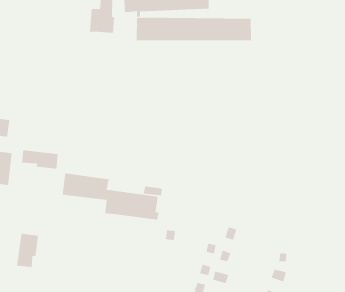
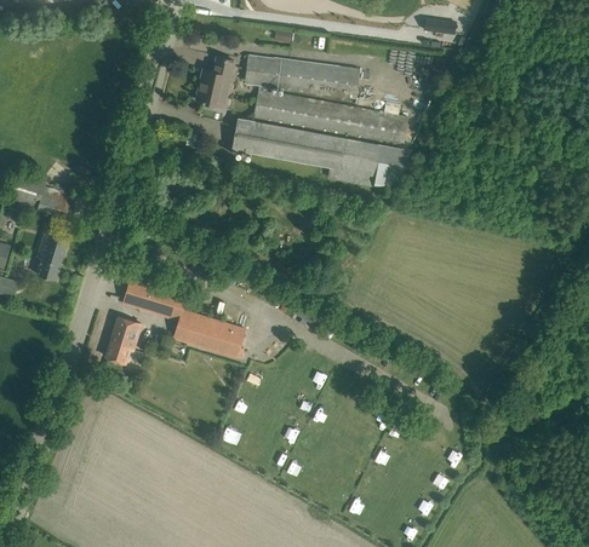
building: none -> [231,119,410,190]
building: [22,150,58,170] -> none
building: [16,233,39,268] -> [104,317,141,364]

